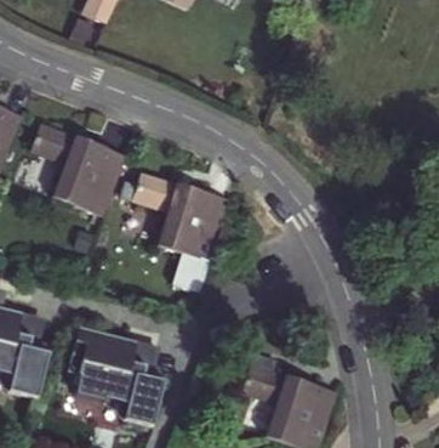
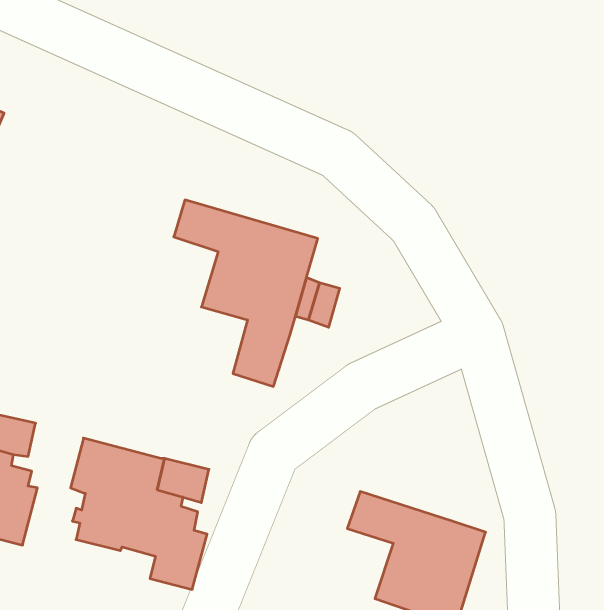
building: [33,123,127,219] -> none

